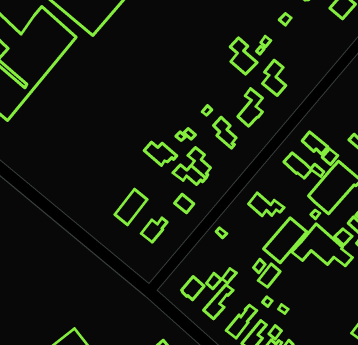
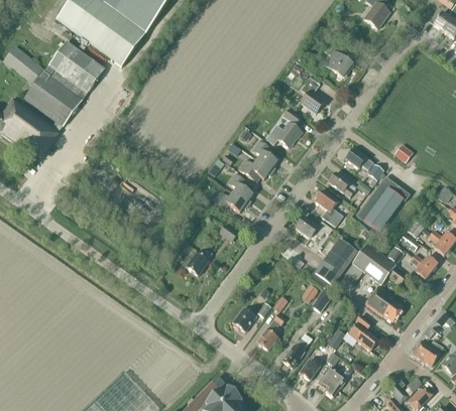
building: [230,38,257,74] -> [323,39,352,77]
building: [144,142,177,165] -> [238,159,272,182]
building: none -> [315,189,343,227]
building: [115,189,147,225] -> none
building: none -> [365,285,403,321]
building: none -> [347,315,378,351]

